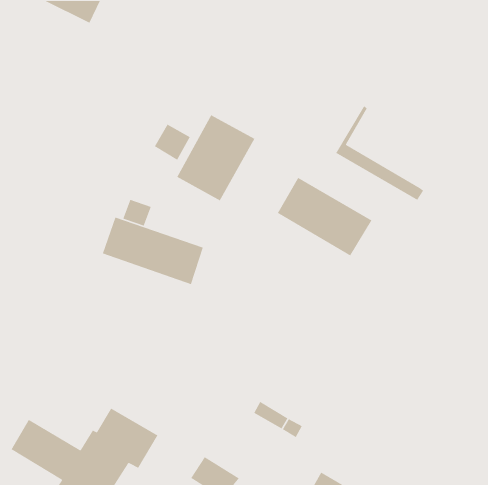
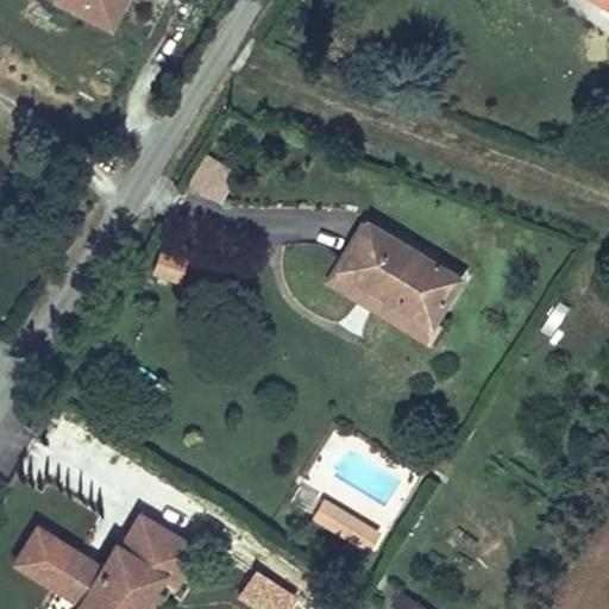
building: [335,105,424,201] -> [331,221,441,340]
building: [176,114,256,202] -> none
building: [102,217,204,285] -> none

